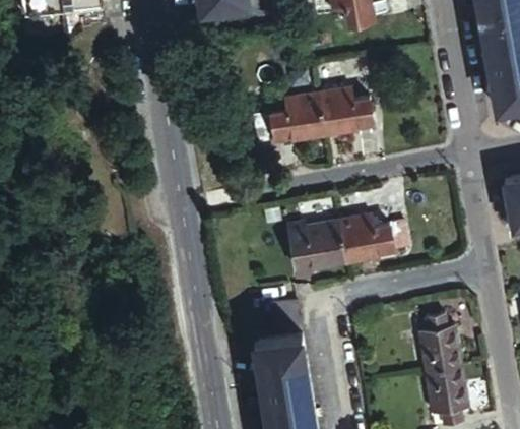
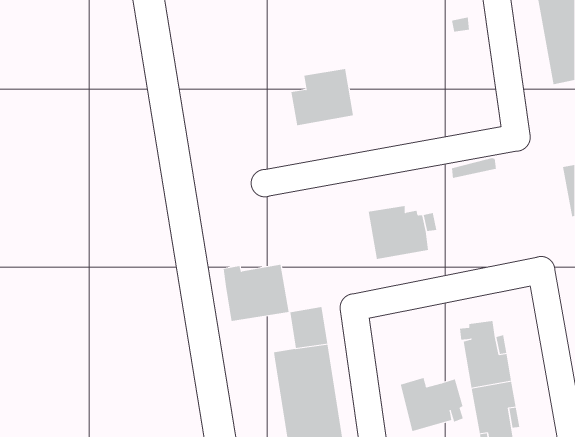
building: [317,89,373,135] -> none
building: [285,219,343,268] -> [223,264,289,322]
building: none -> [400,377,463,432]

